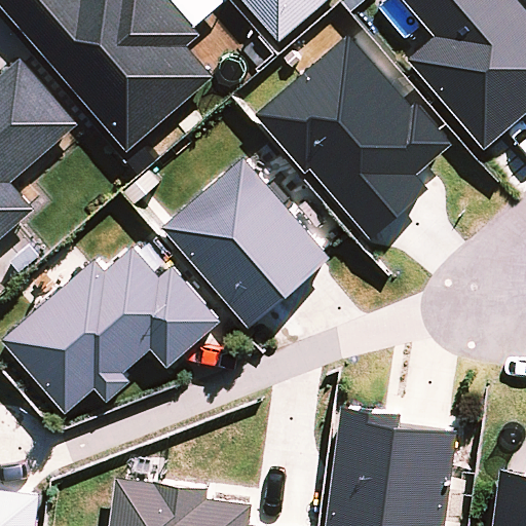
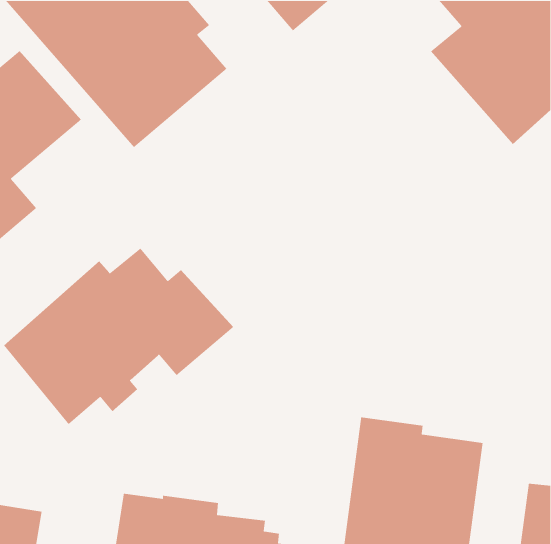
building: [255,36,451,238] -> none
building: [161,157,331,327] -> none

